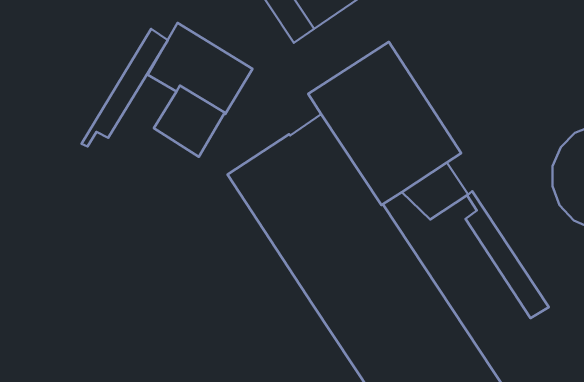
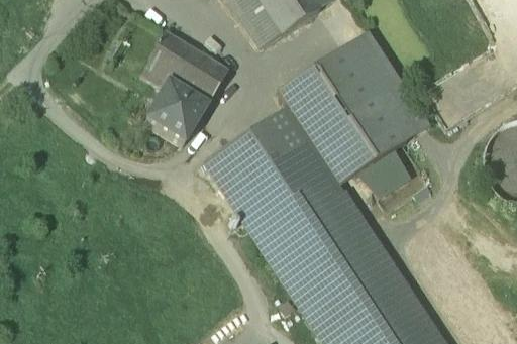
building: none -> [343,32,428,142]
building: [81,29,168,146] -> none
building: [466,191,549,318] -> none

